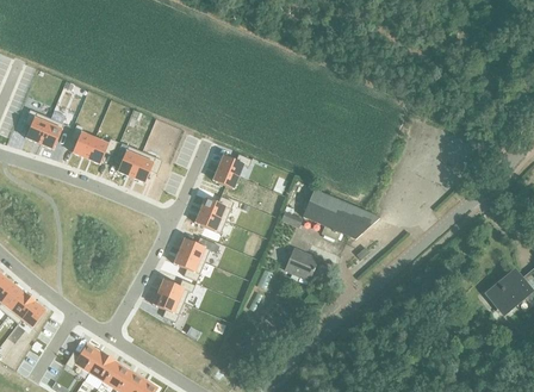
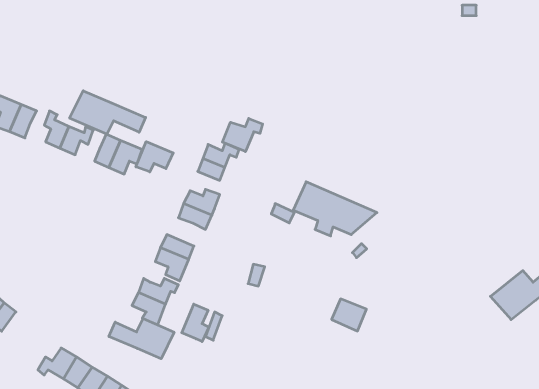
building: none -> [70,91,146,134]
building: none -> [222,118,263,152]
building: none -> [136,142,173,172]
building: [284,251,316,281] -> [332,299,366,331]
building: none -> [182,304,209,342]
building: none -> [109,319,174,359]

